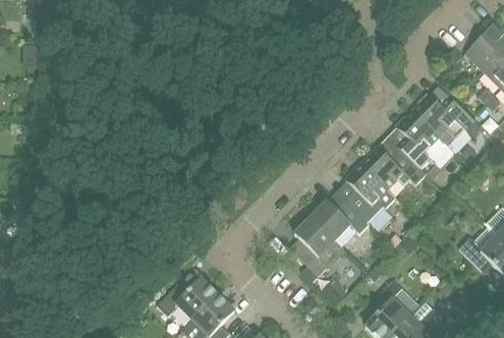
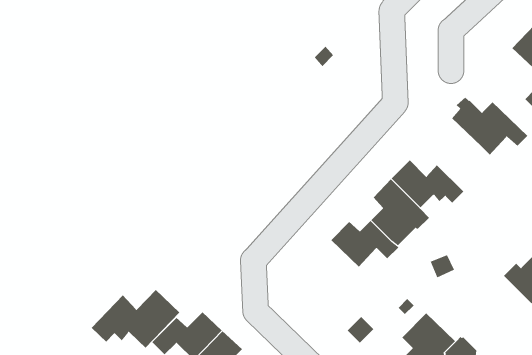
building: [395,112,446,175] -> none
building: [294,217,344,276] -> none
building: none -> [91,289,180,349]

